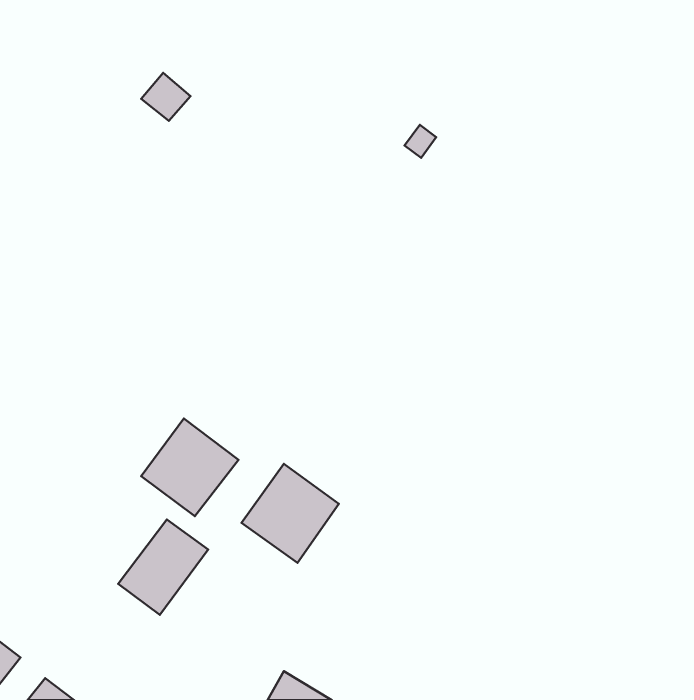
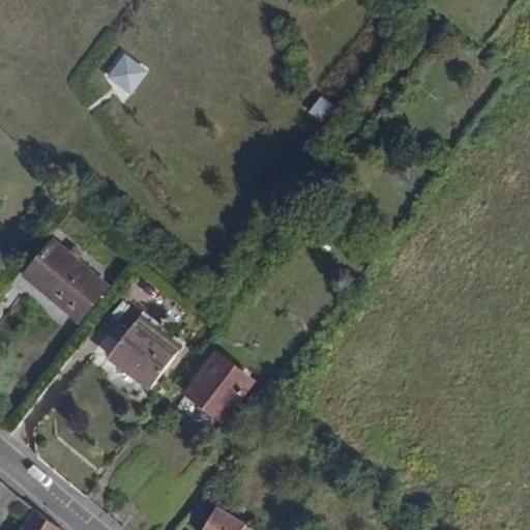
building: none -> [20,238,109,323]
building: [118,520,208,615] -> none

